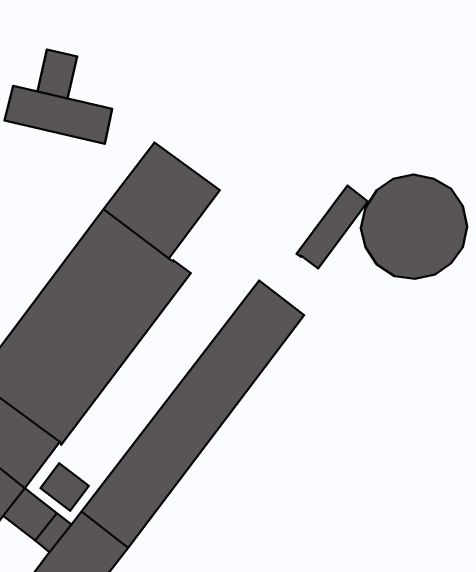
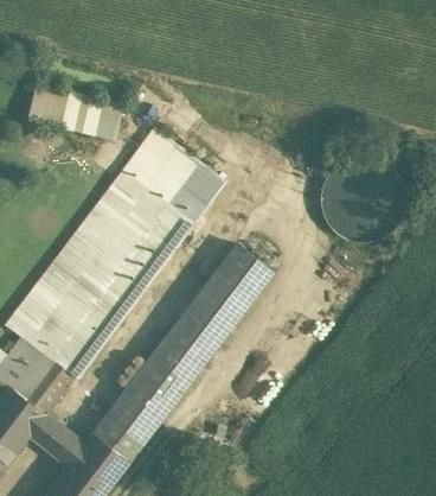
building: [37,49,77,98] -> none
building: [296,186,368,268] -> [164,170,222,237]
building: [40,463,89,511] -> none

